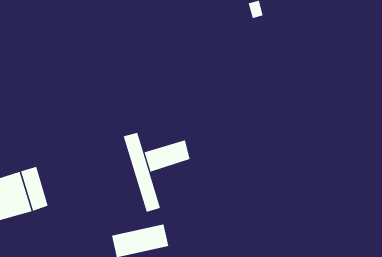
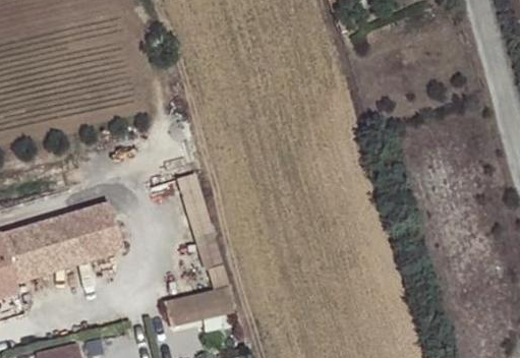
building: [144,139,190,172] -> none
building: none -> [72,202,115,260]

